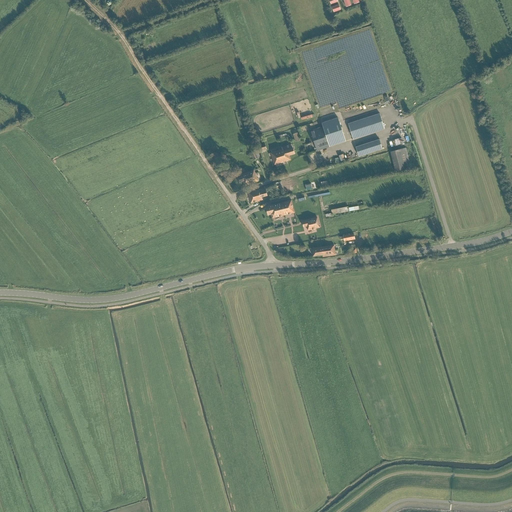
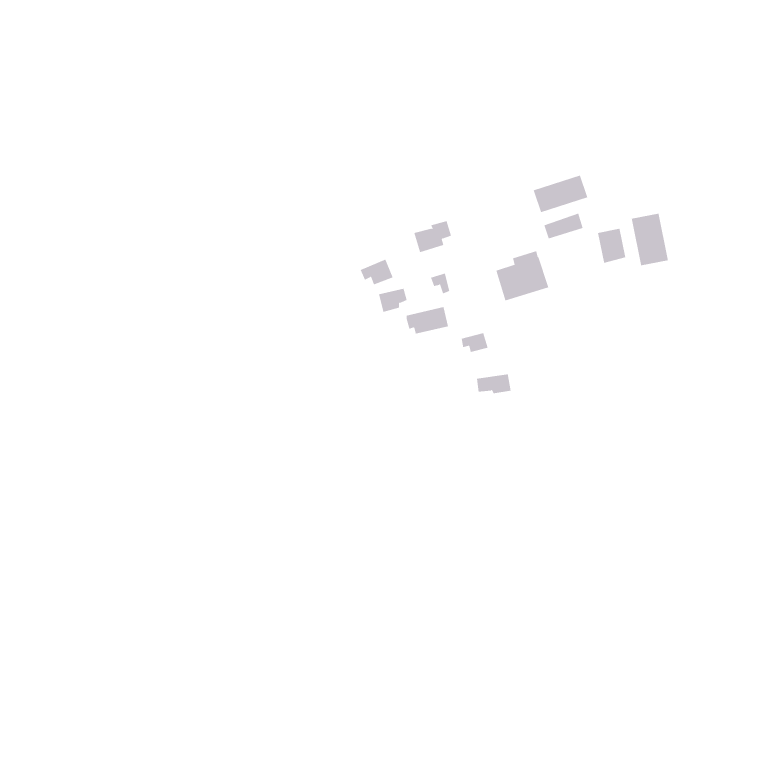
building: [310,118,345,151] -> [495,251,549,301]
building: none -> [631,213,668,266]

